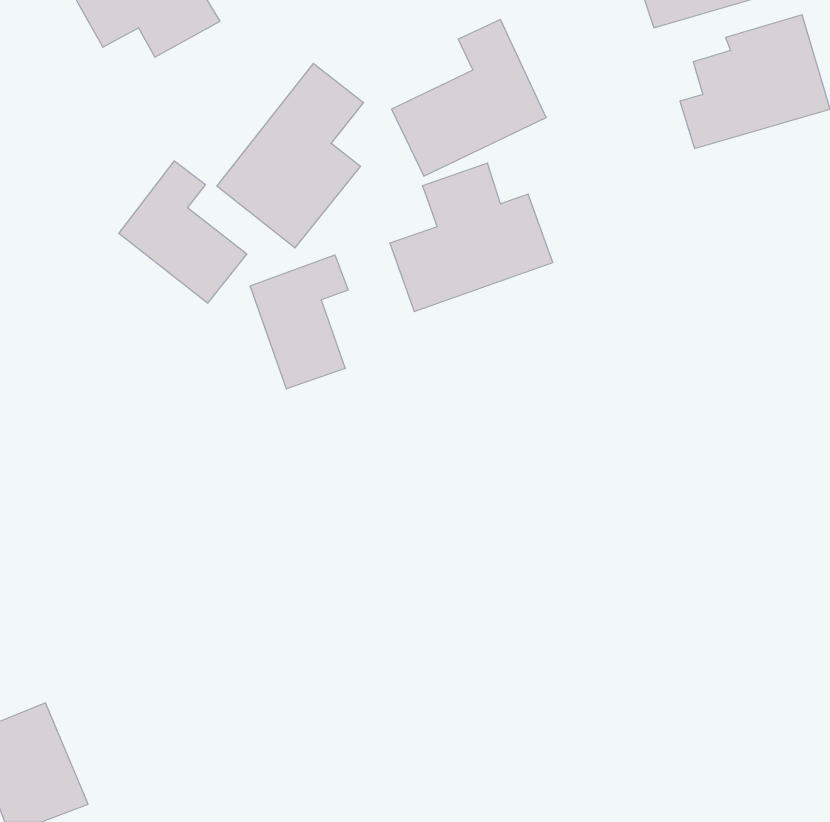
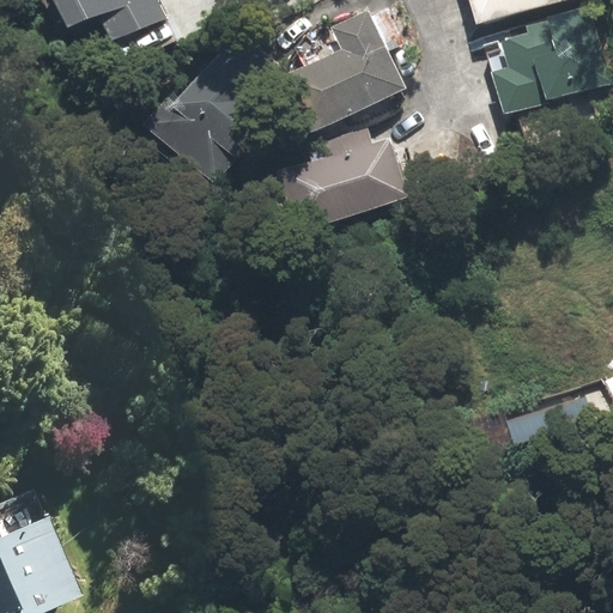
building: [119,161,247,303] -> none
building: [250,255,348,389] -> none

